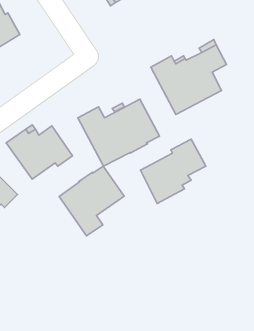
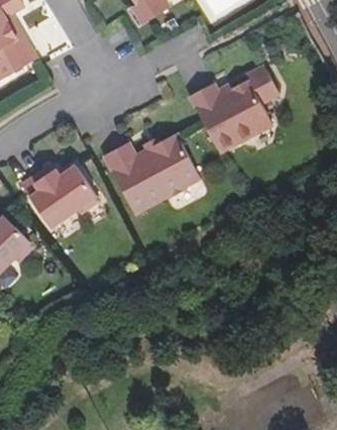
building: [140,139,206,203] -> none
building: [59,166,124,236] -> none

